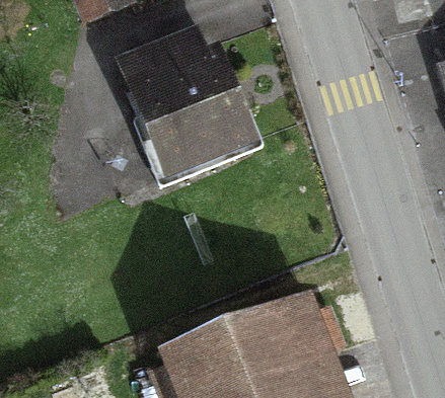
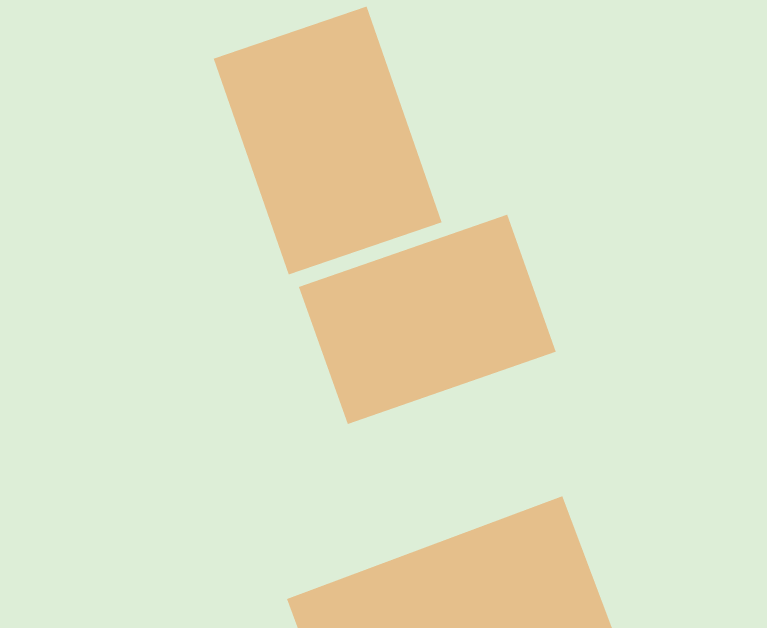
building: none -> [298,214,556,425]

